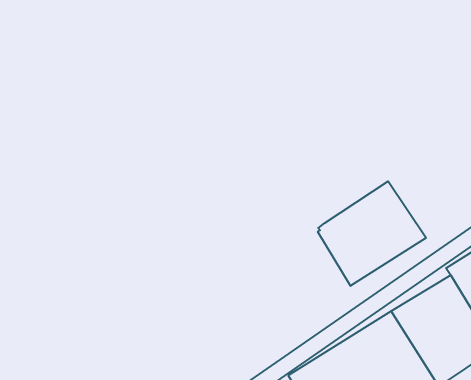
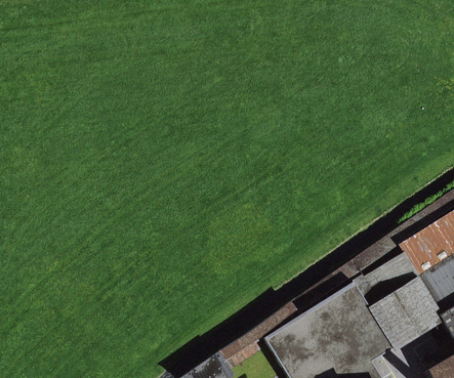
building: [318,181,426,286] -> none

